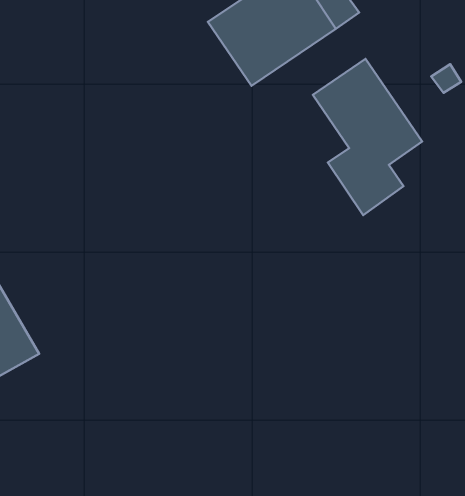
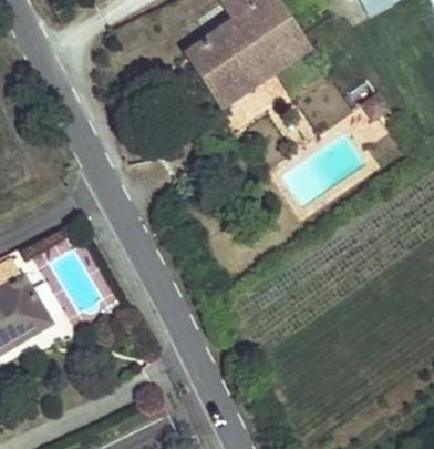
building: [313,59,422,215] -> none

